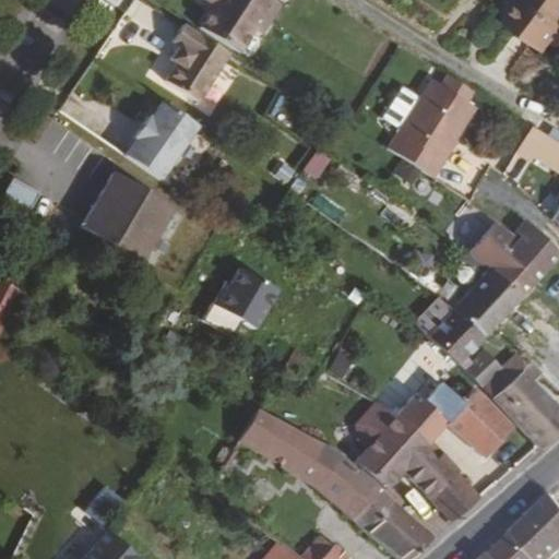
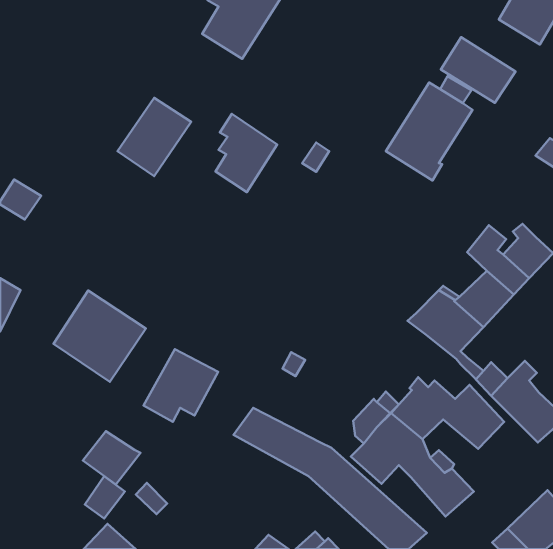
building: [168,27,230,106] -> [215,114,277,192]
building: none -> [441,37,516,103]
building: [86,177,179,269] -> [53,291,146,382]
building: [207,259,283,332] -> [143,349,218,422]
building: none -> [83,431,140,485]

